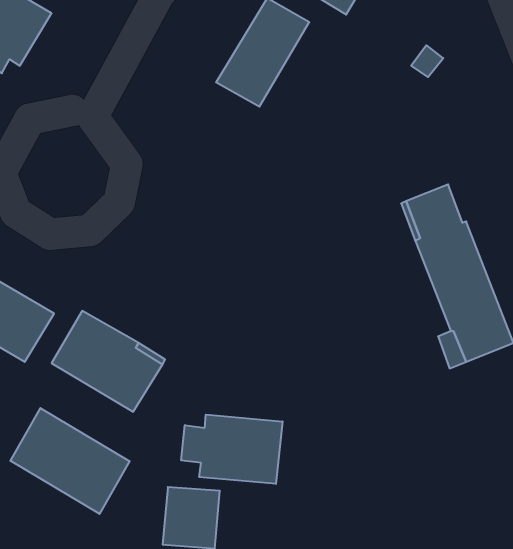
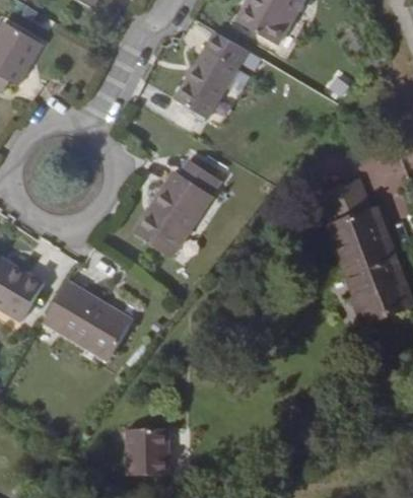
building: none -> [133,159,221,258]
building: [10,408,130,514] -> none
building: [181,415,283,484] -> none

